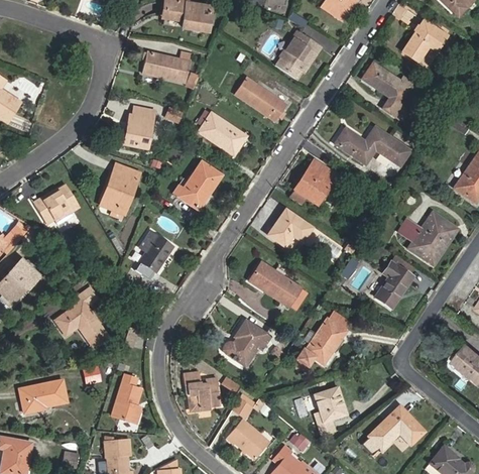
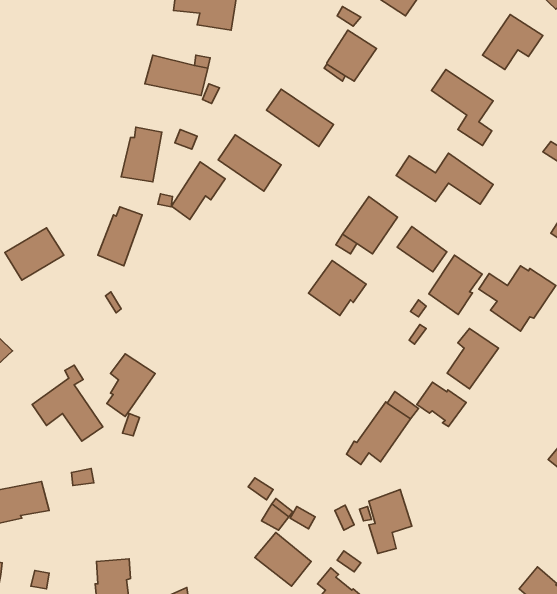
building: [178,161,220,206] -> [172,162,225,219]
building: none -> [397,227,447,272]
building: none -> [429,255,482,314]
building: [136,231,173,279] -> [107,354,155,417]
building: [250,261,302,307] -> none
building: none -> [417,382,466,426]
building: [224,320,270,365] -> none
building: [185,371,220,410] -> none
building: [111,373,142,423] -> none
building: [360,405,425,458] -> none

